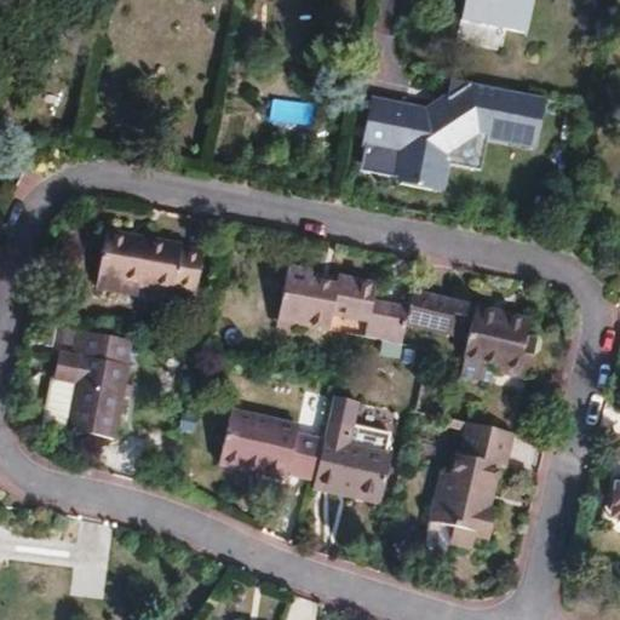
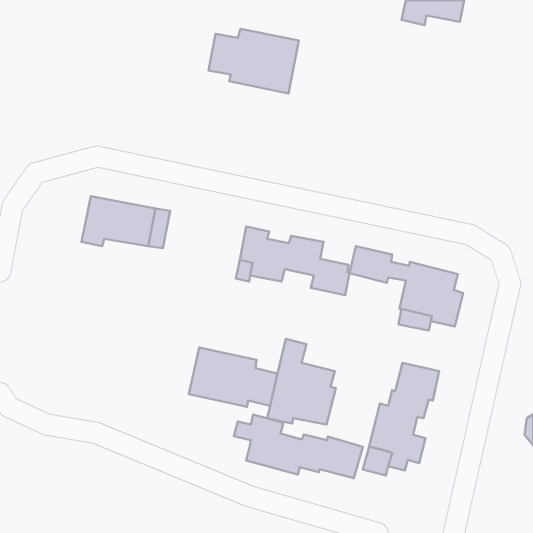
building: none -> [208,29,299,93]
building: [367,88,551,194] -> none
building: [45,327,132,437] -> none
building: none -> [234,415,363,478]

